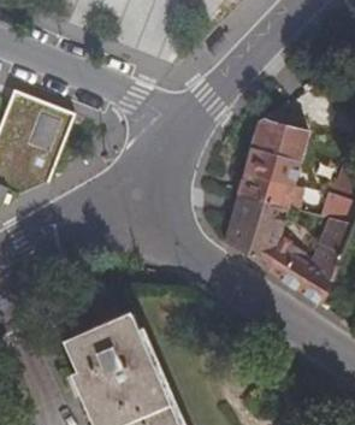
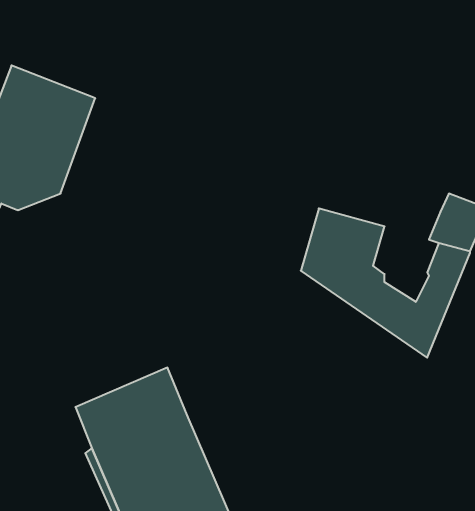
building: [239,111,309,207] -> none

